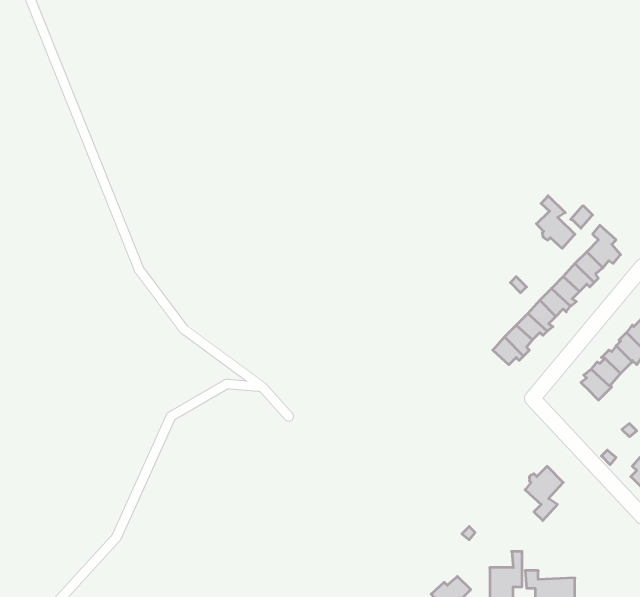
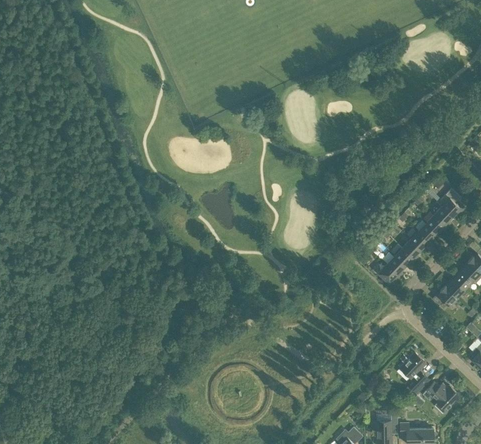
building: [536,196,575,248] -> none
building: none -> [420,382,459,413]

